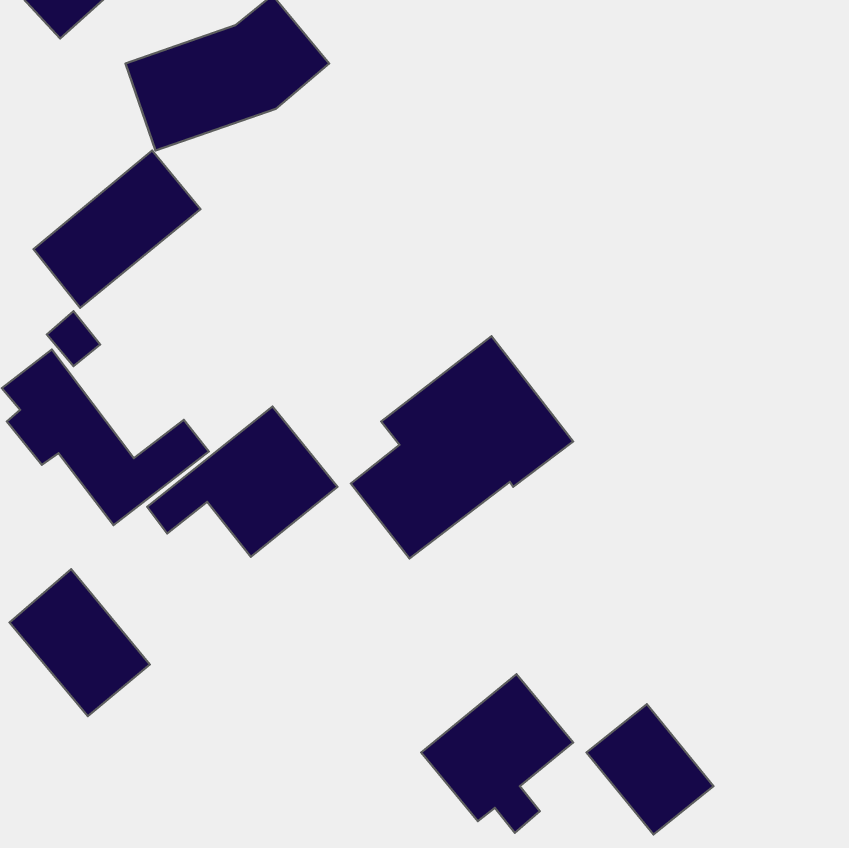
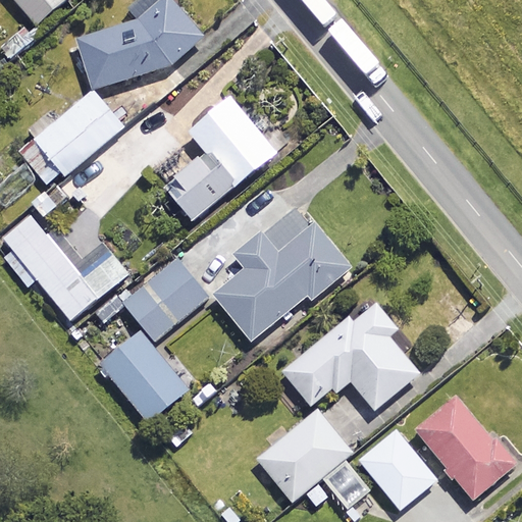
building: none -> [164,89,286,220]
building: none -> [283,301,418,409]
building: [9,569,150,716] -> [101,331,187,421]
building: none -> [416,397,513,499]

